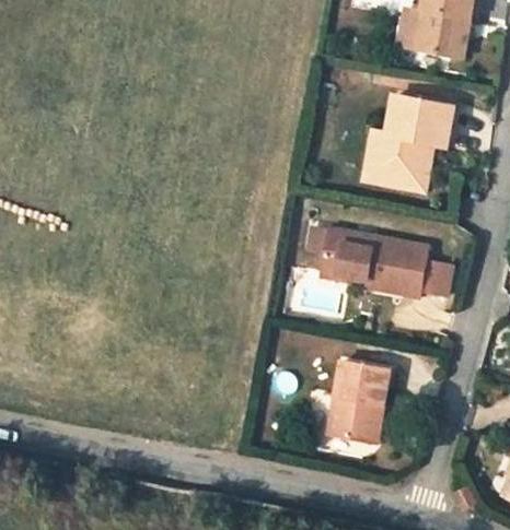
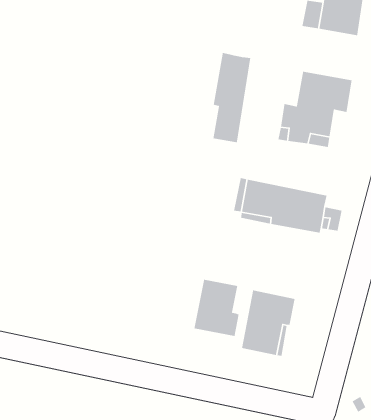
building: none -> [212,52,251,143]
building: none -> [193,279,240,337]

